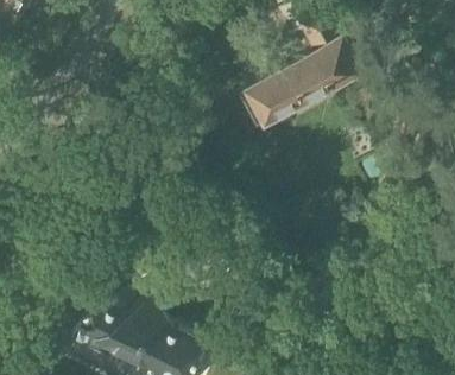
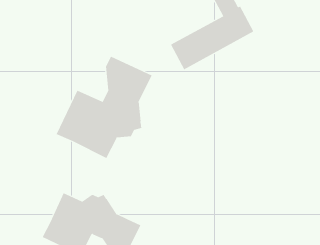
building: none -> [56,56,152,159]

